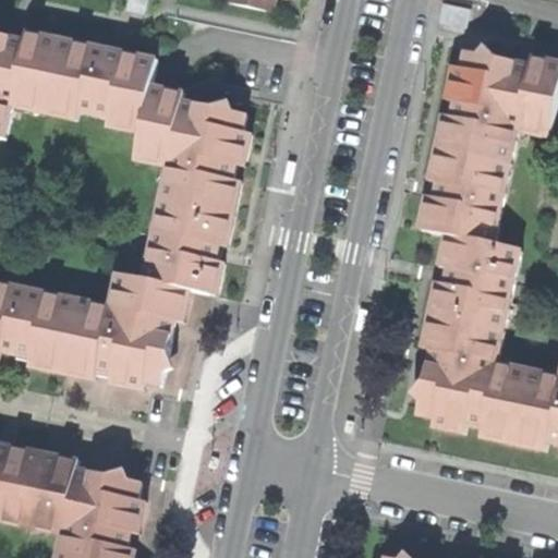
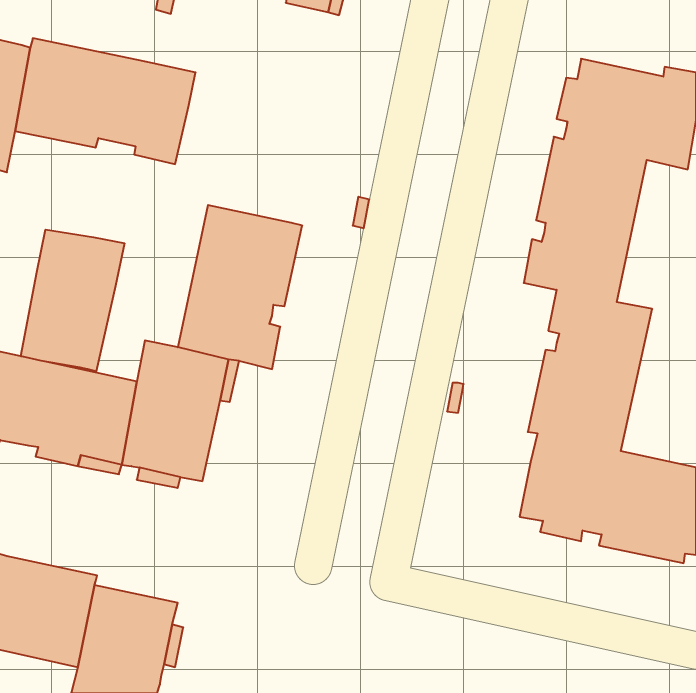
building: [134,84,250,178] -> none
building: none -> [21,230,124,372]

